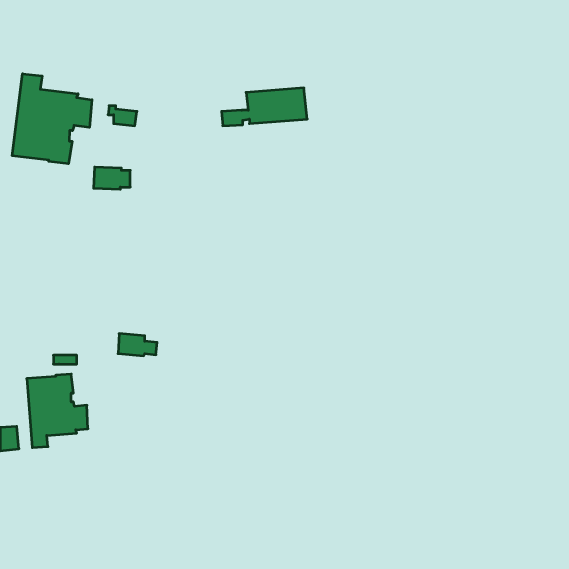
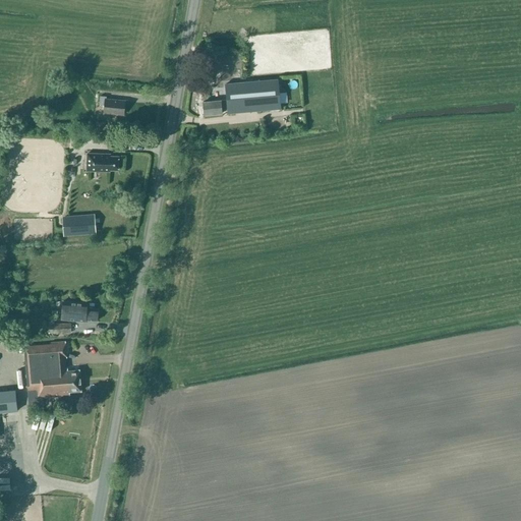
building: [12,74,92,164] -> none
building: none -> [62,216,95,234]
building: [118,334,157,356] -> [62,301,98,322]

